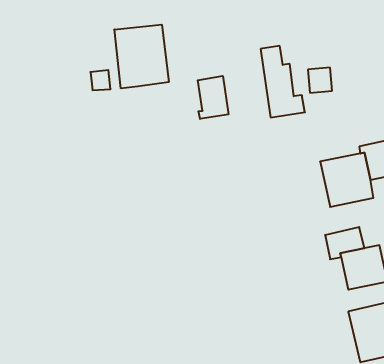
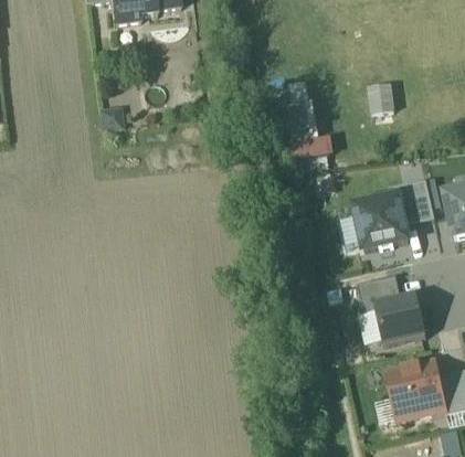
building: [114,25,169,88] -> none
building: [308,68,332,93] -> [369,81,395,108]
building: [198,76,228,119] -> none

